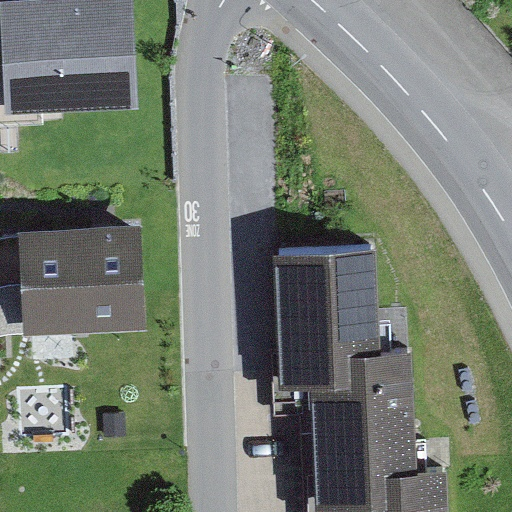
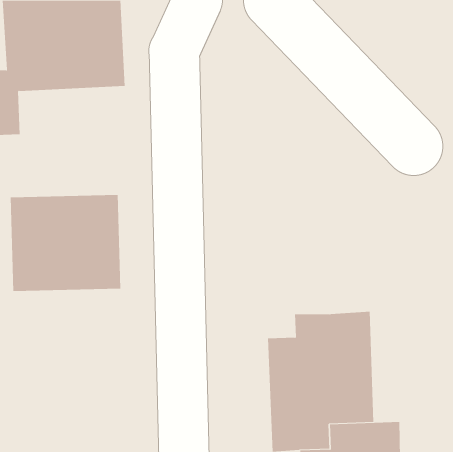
building: [256,256,368,386] -> none

